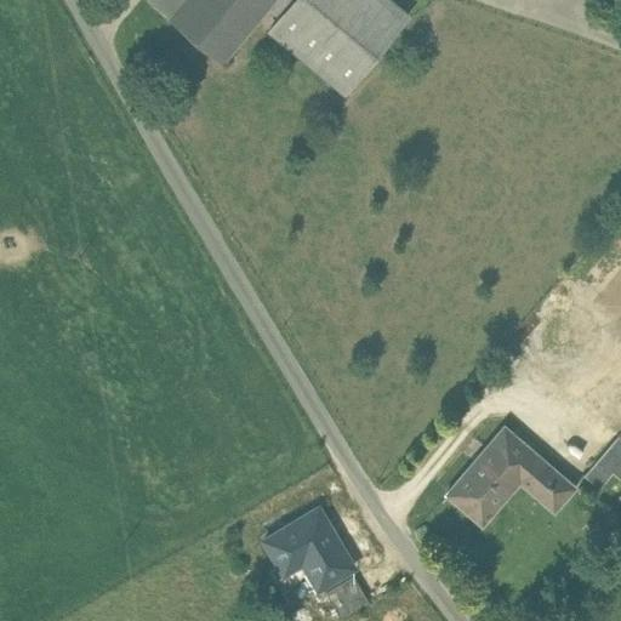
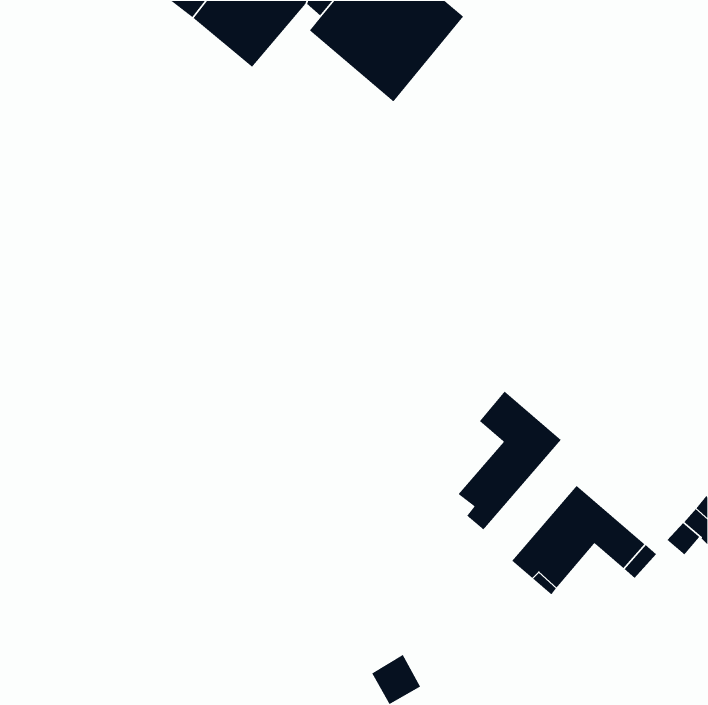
building: none -> [457,390,562,530]
building: [263,507,353,588] -> none

